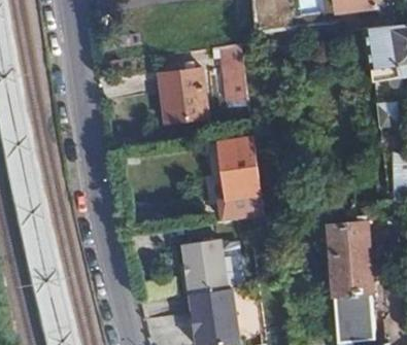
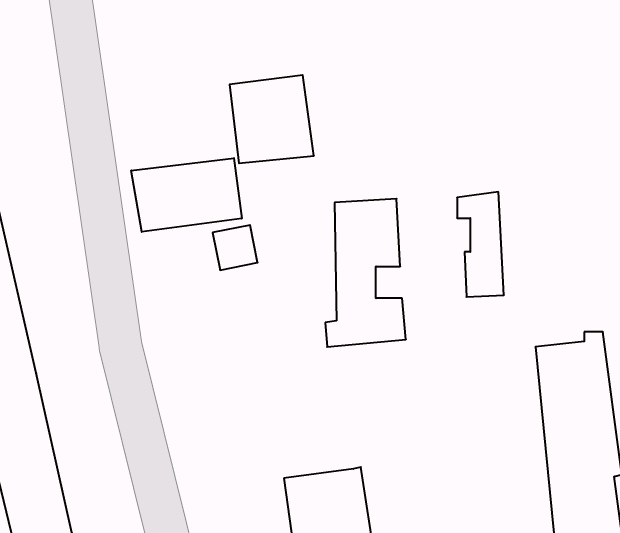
building: [224,43,249,101] -> [457,192,504,297]
building: none -> [131,158,242,232]
building: [181,239,228,294] -> none

